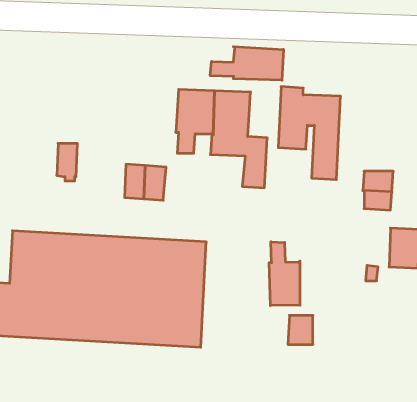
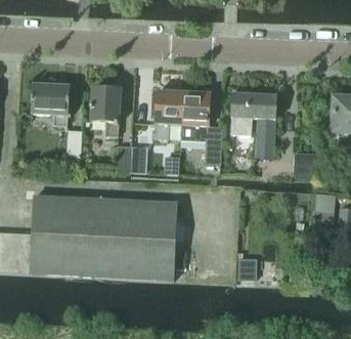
building: [210,47,283,80] -> none
building: none -> [31,83,70,125]
building: none -> [90,86,121,135]
building: [269,242,300,306] -> none

